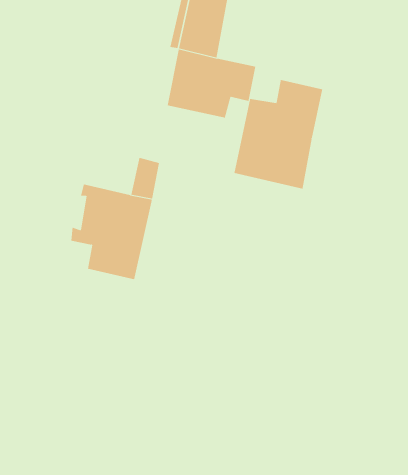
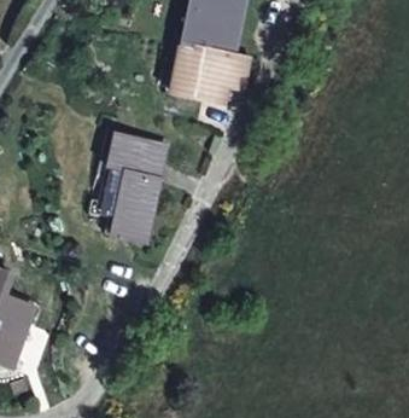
building: [234,79,323,190] -> none
building: none -> [104,128,152,170]

